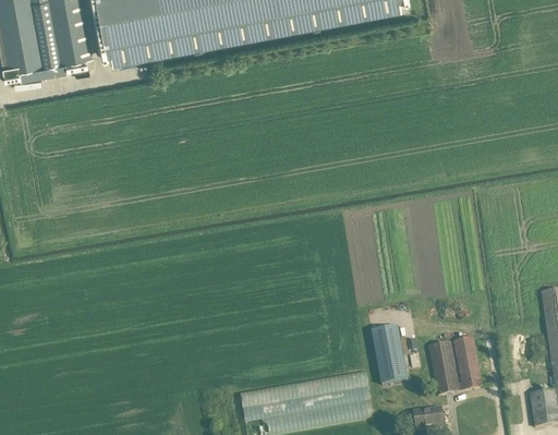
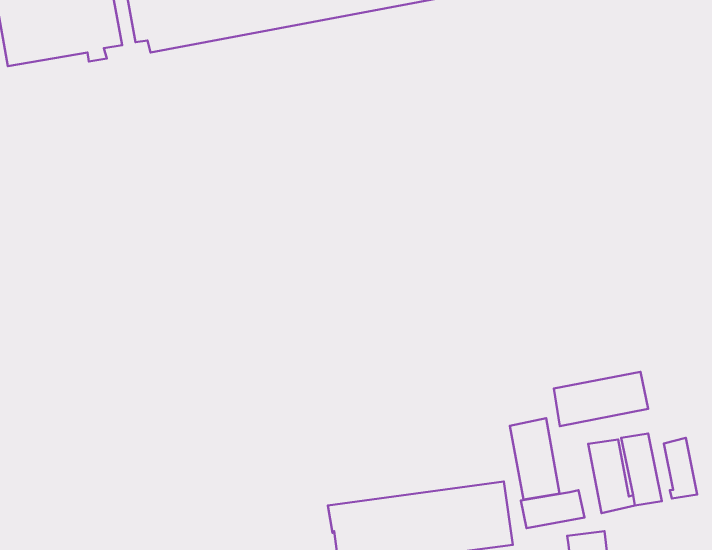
building: none -> [554,372,648,426]
building: none -> [664,438,697,498]
building: none -> [521,490,584,528]

